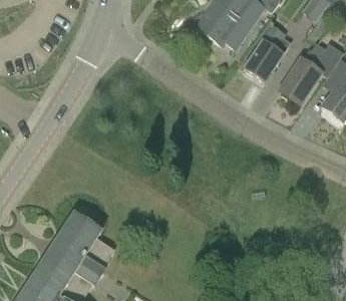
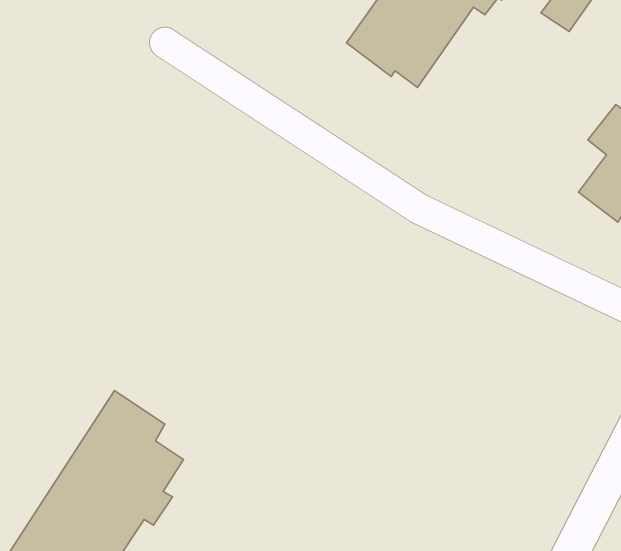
building: [244,24,290,82] -> none
building: [279,49,320,104] -> none

